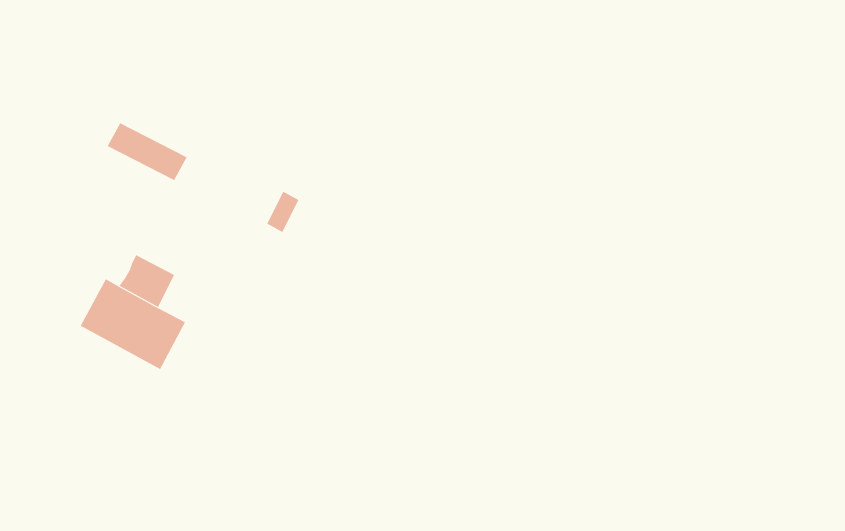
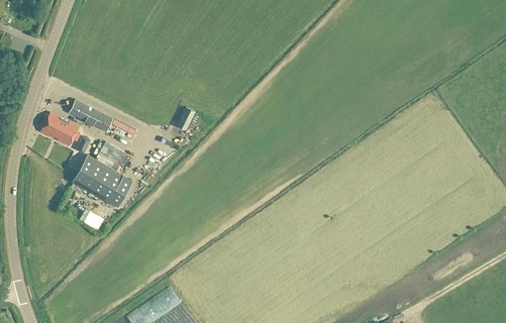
building: [107,122,187,181] -> [67,100,111,132]
building: none -> [38,113,77,146]

